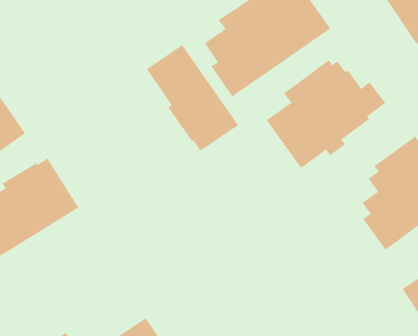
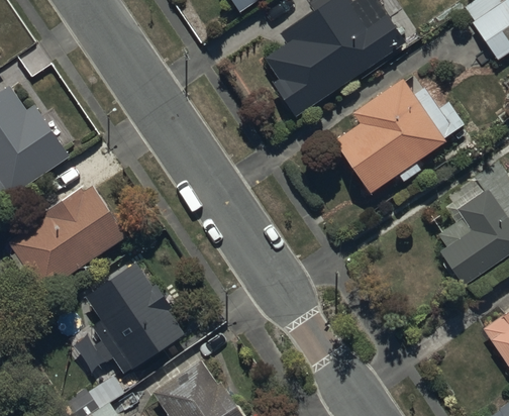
building: [146,44,239,152] -> none
building: none -> [85,262,185,375]

